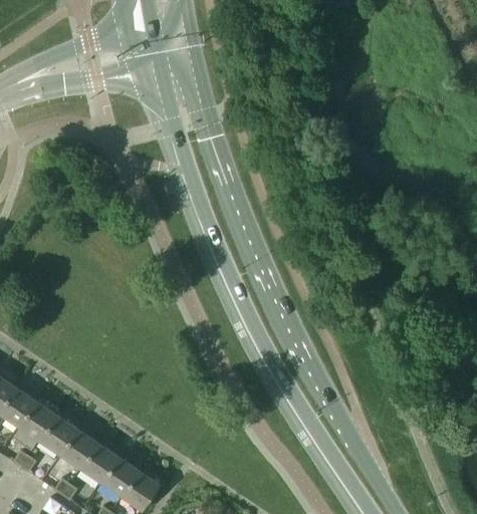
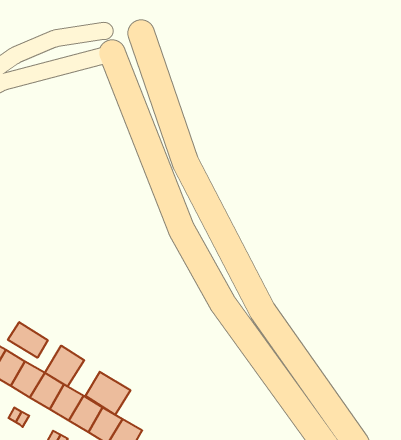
building: none -> [8,322,48,358]
building: none -> [45,346,84,386]
building: none -> [85,372,130,415]

